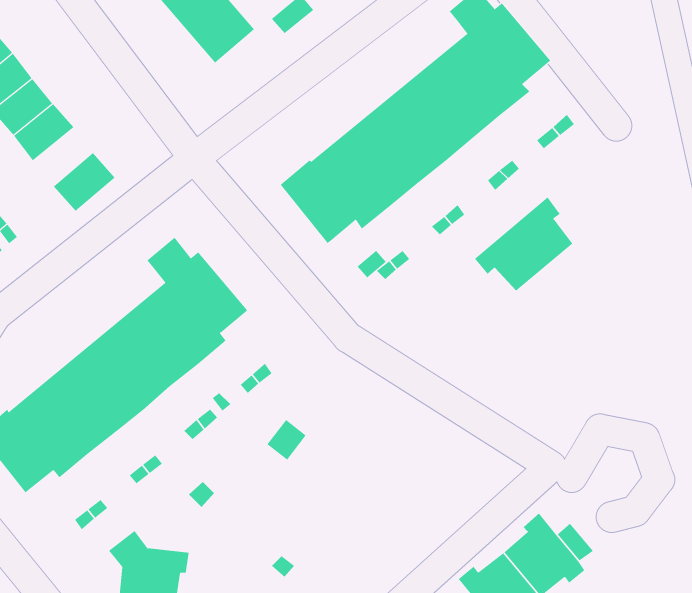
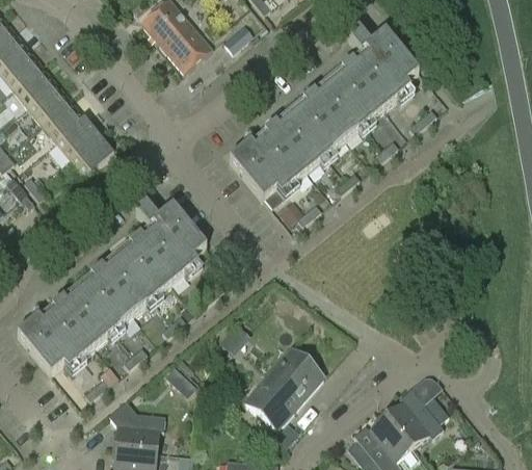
building: none -> [55,118,98,159]
building: [474,197,573,291] -> none
building: none -> [244,348,323,429]

